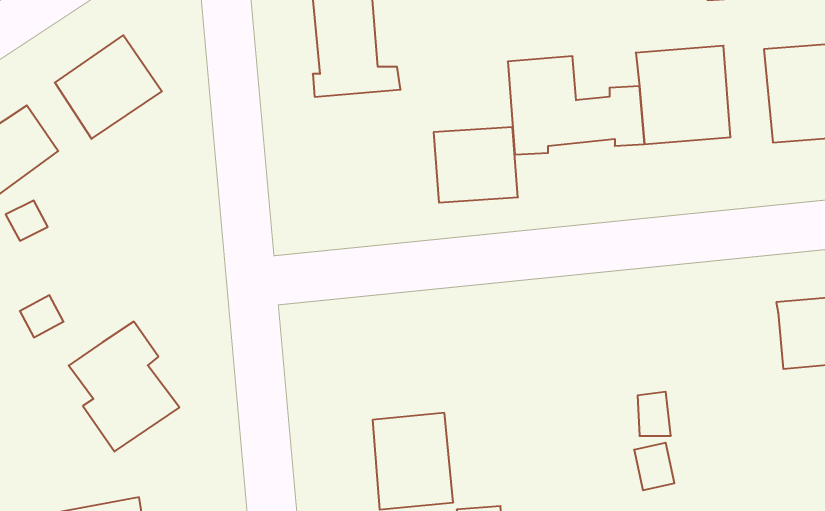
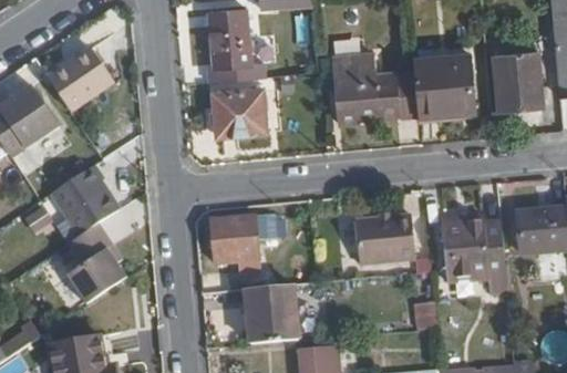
building: [434,127,518,203] -> [214,90,267,137]
building: none -> [49,168,116,239]
building: none -> [213,214,274,271]
building: none -> [360,215,417,261]
building: none -> [443,215,509,293]

